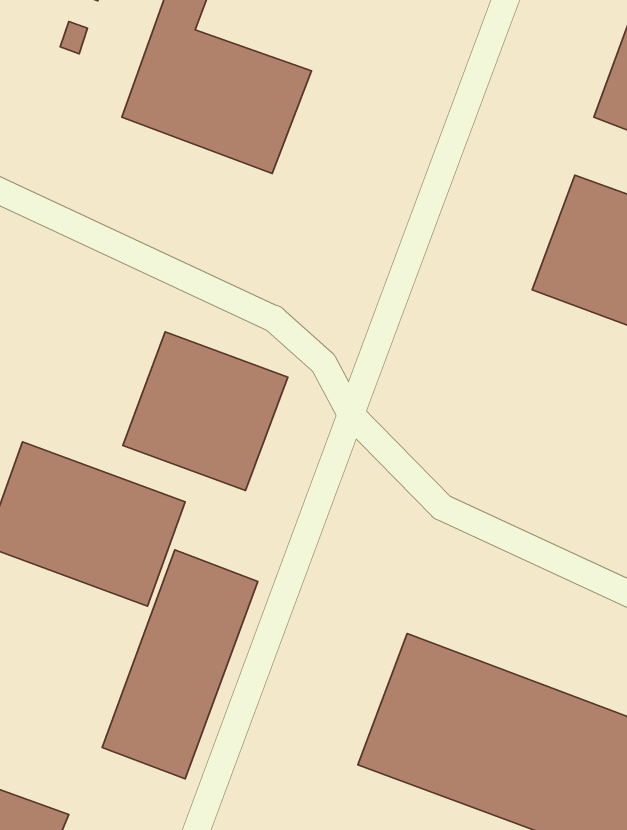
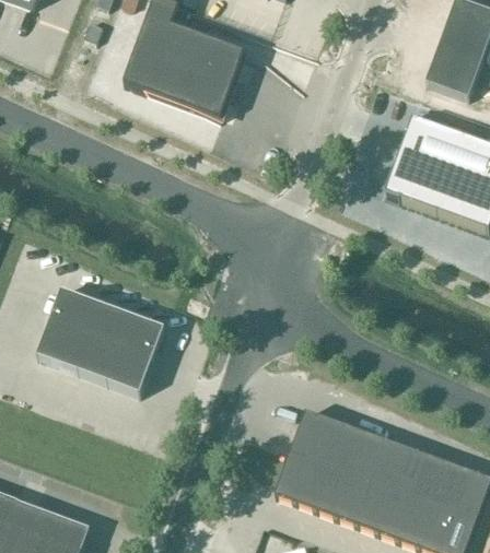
building: [123,332,288,491] -> none
building: [102,550,258,779] -> none

